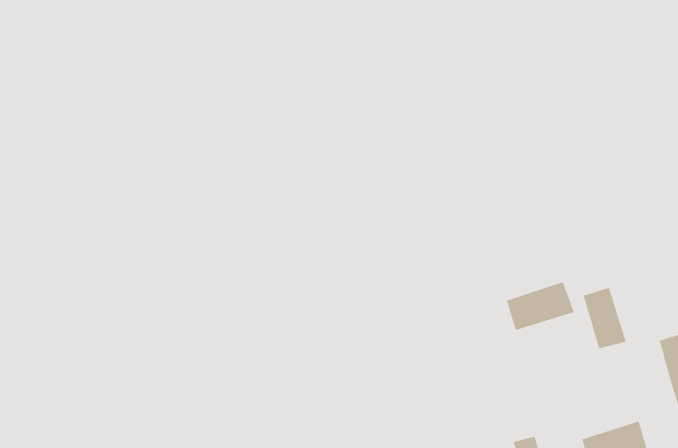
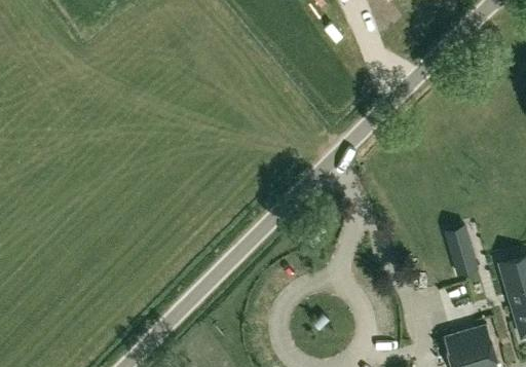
building: [506,281,575,331] -> none

